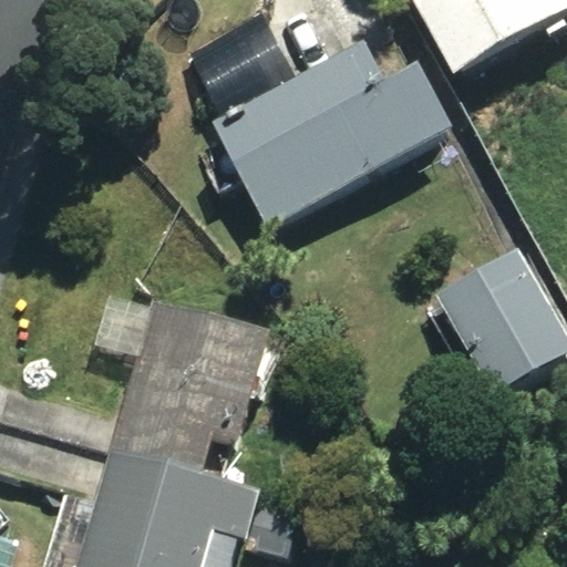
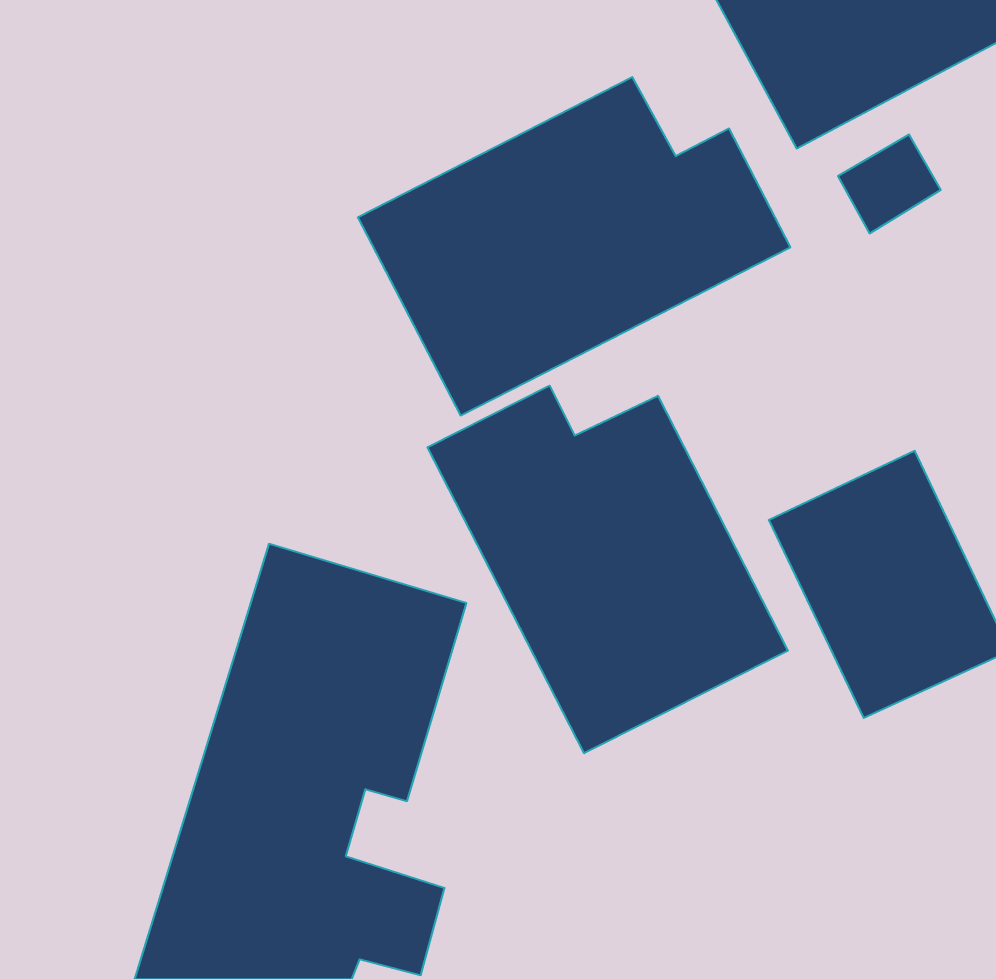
building: none -> [428,386,788,753]

